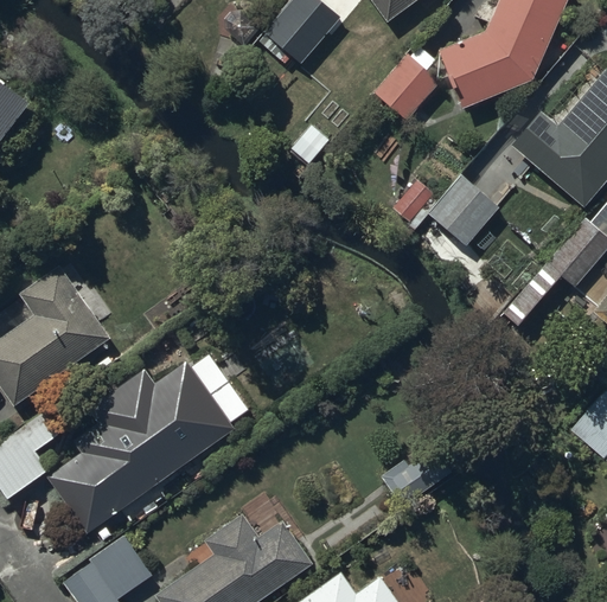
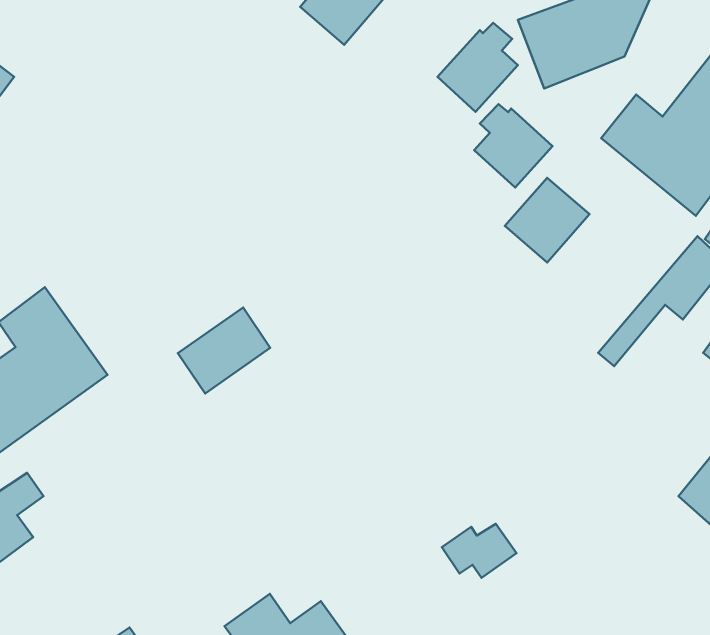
building: none -> [474,104,552,188]
building: none -> [178,308,270,393]
building: [47,361,234,531] -> none

